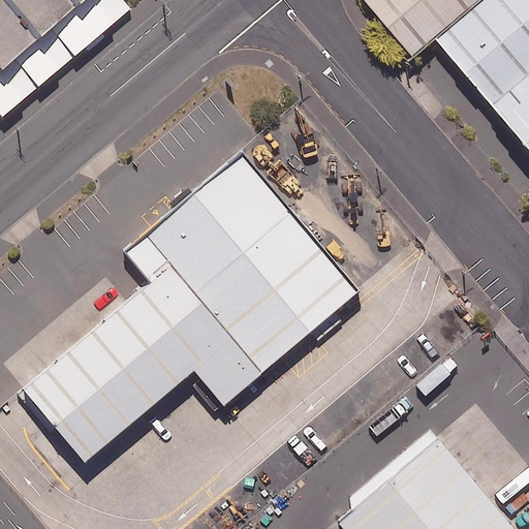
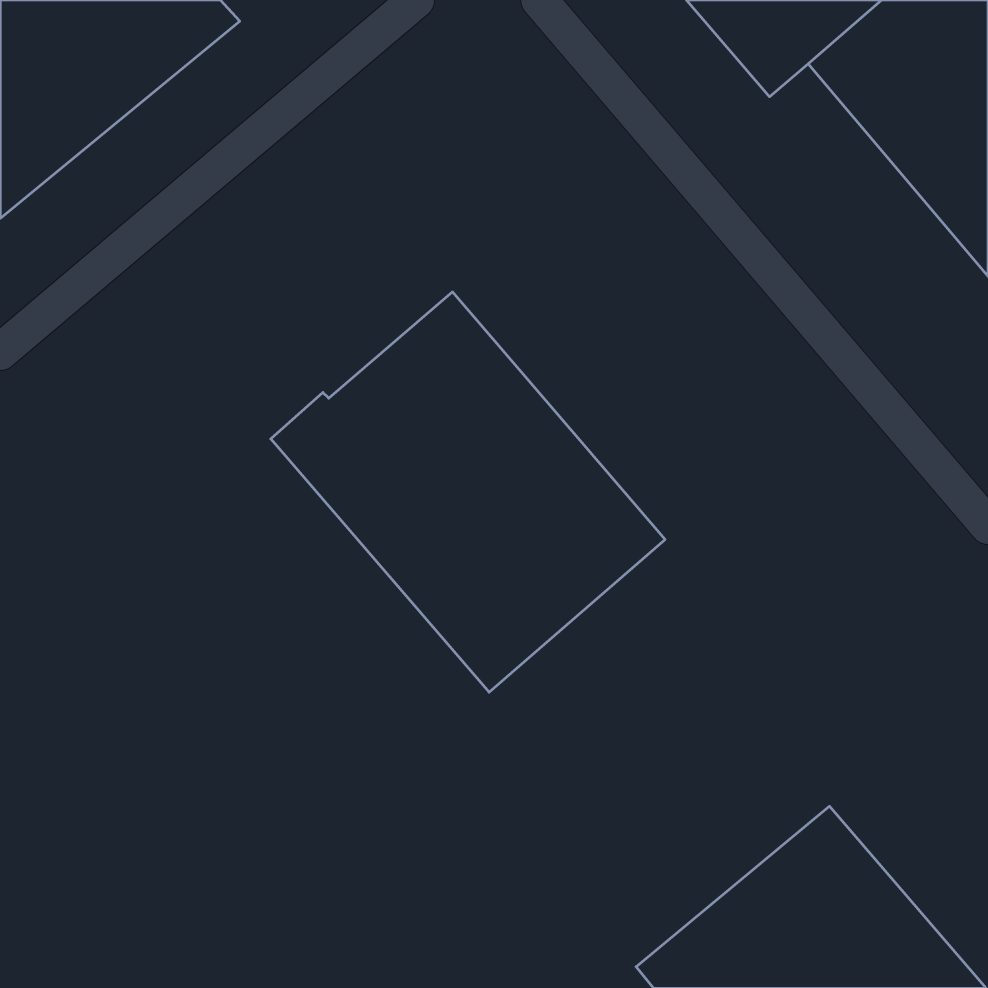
building: [21,235,261,460] -> none

